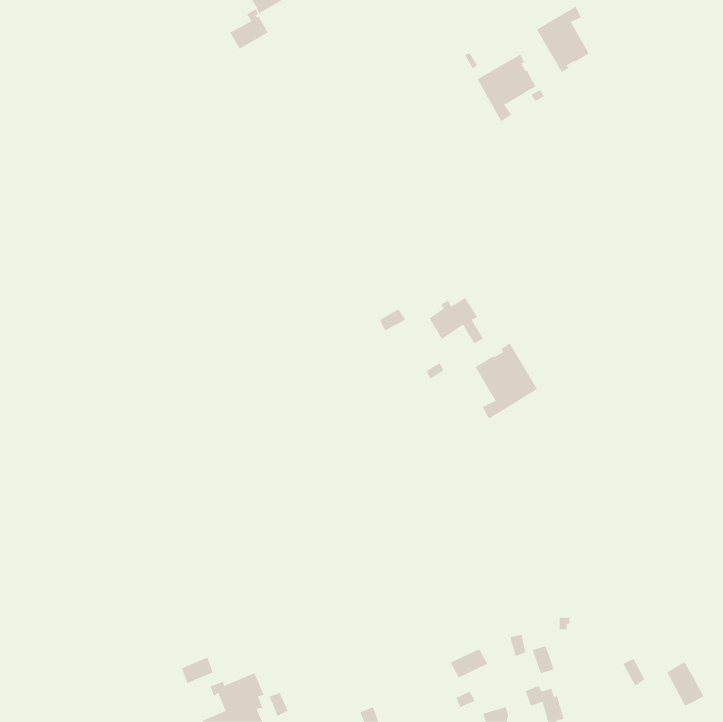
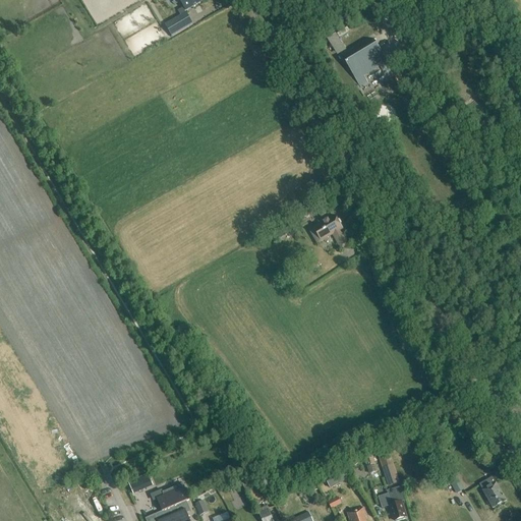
building: [536,6,589,73] -> none
building: [475,342,538,420] -> none

